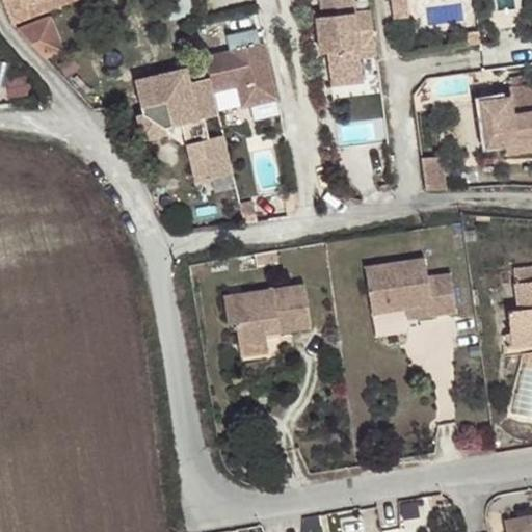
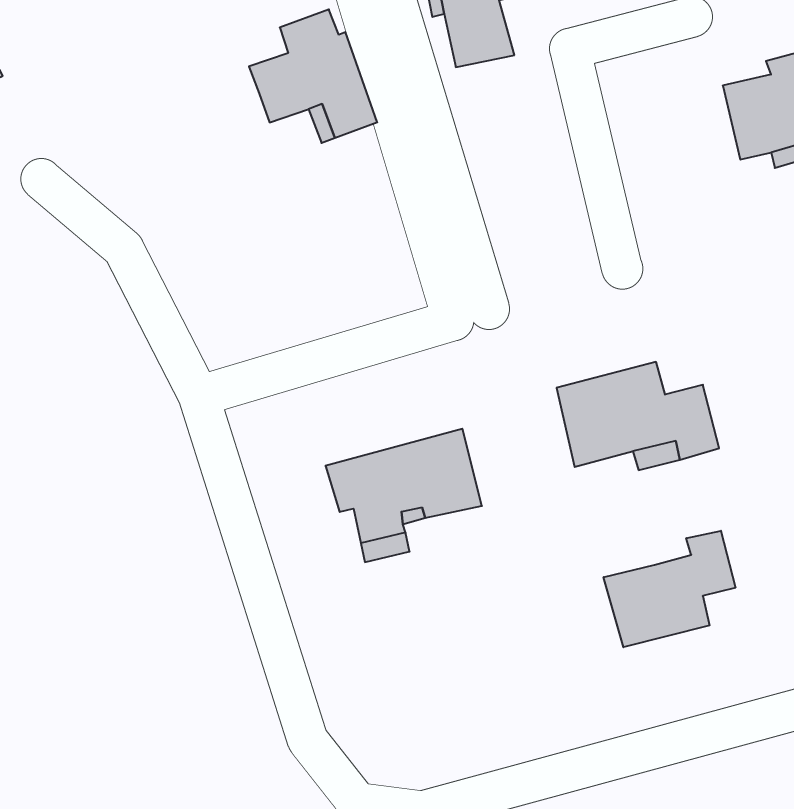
building: [131,63,235,179] -> none
building: none -> [604,531,735,647]

